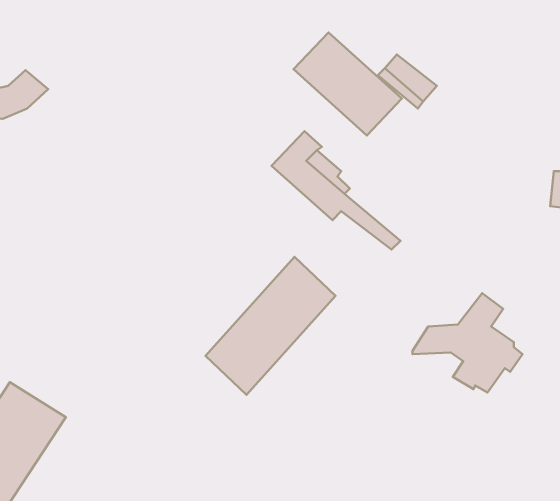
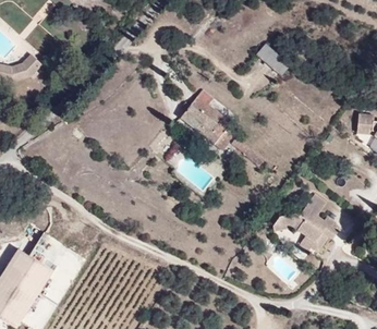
building: [294,32,402,135] -> none
building: [206,257,335,395] -> none

